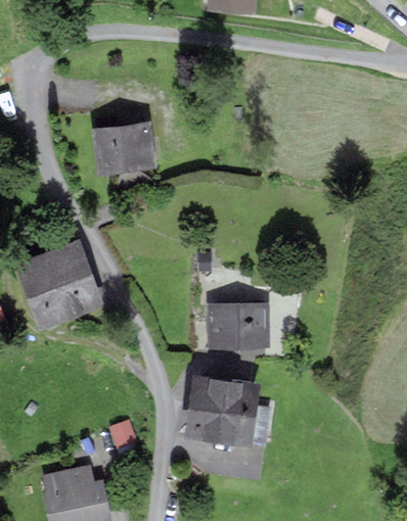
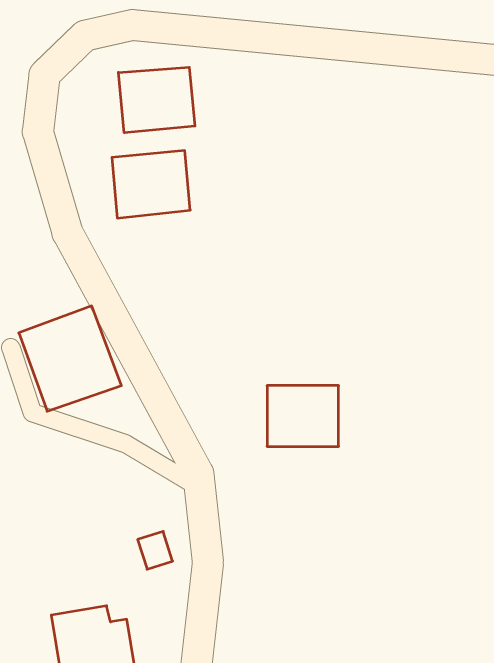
building: none -> [118,67,195,133]
building: [189,376,257,441] -> none

